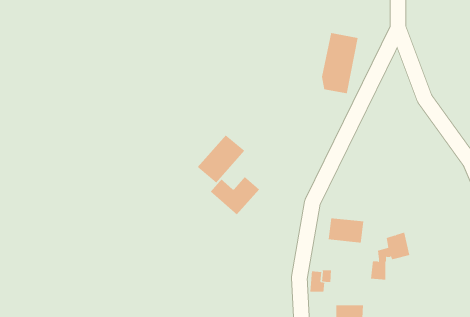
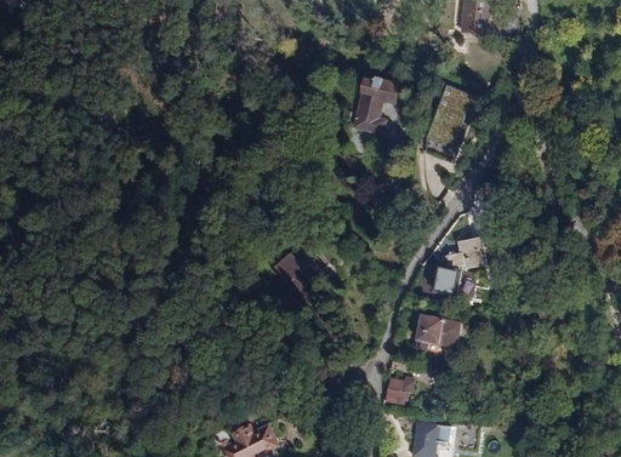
building: none -> [352,78,399,136]
building: [197,134,245,183] -> none
building: [370,232,410,280] -> [433,236,485,293]

